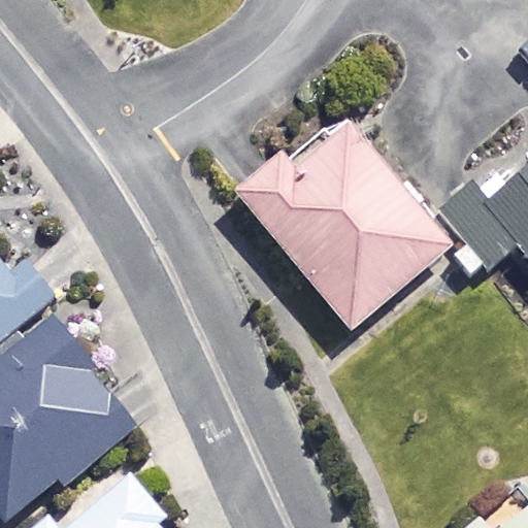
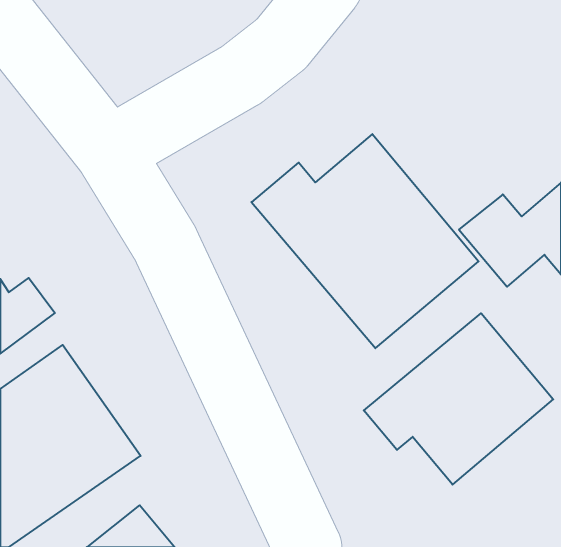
building: none -> [364,313,553,485]

